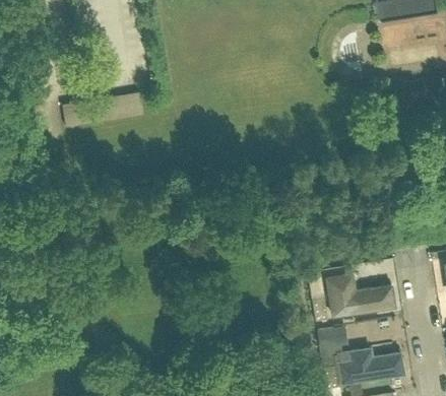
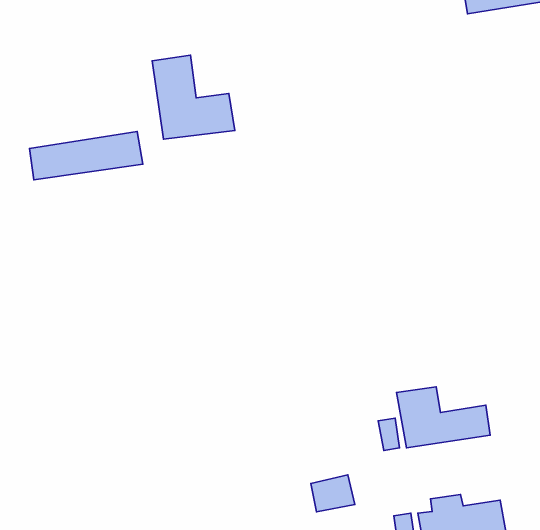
building: none -> [152,55,235,139]
building: [323,326,355,352] -> [311,475,355,512]

